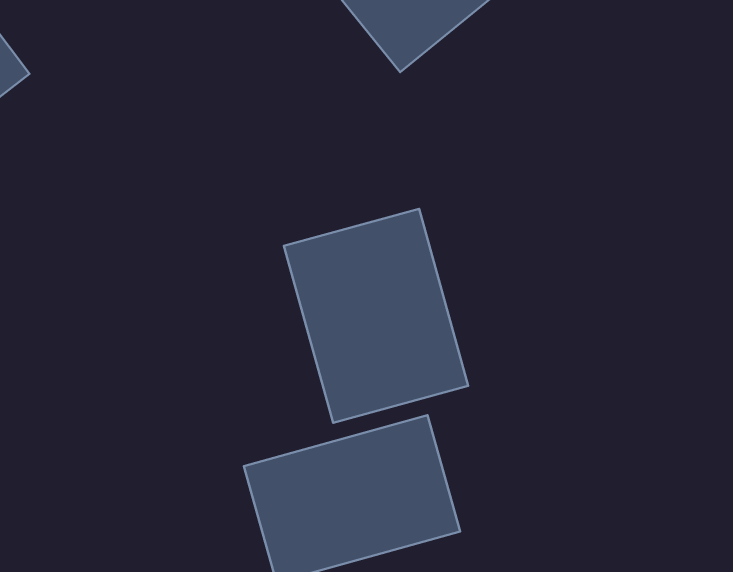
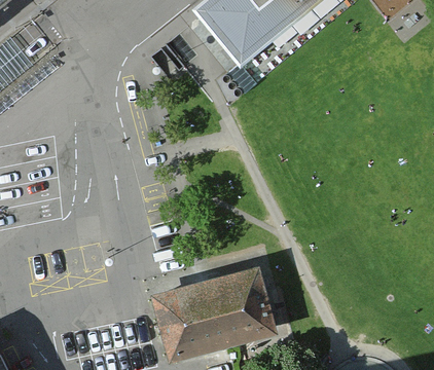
building: [284,209,468,423] -> none

